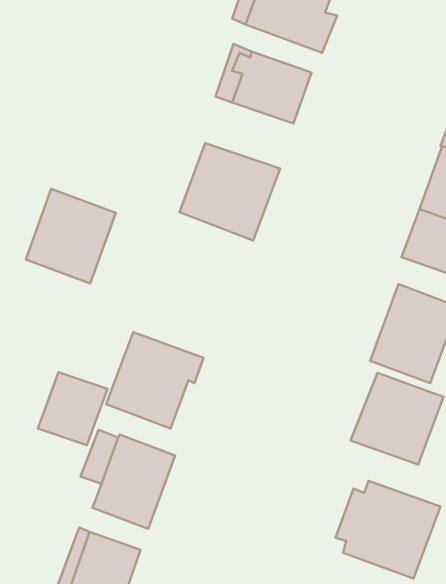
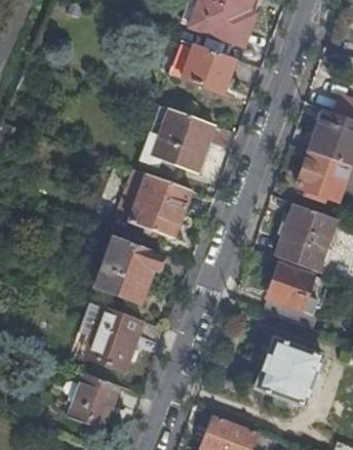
building: [26,189,116,283] -> [129,174,191,239]
building: [38,372,108,445] -> none

